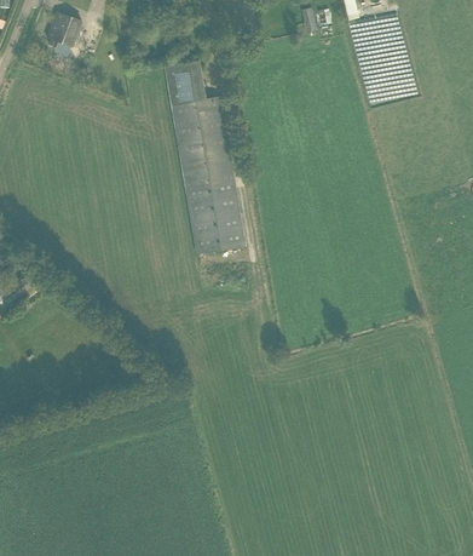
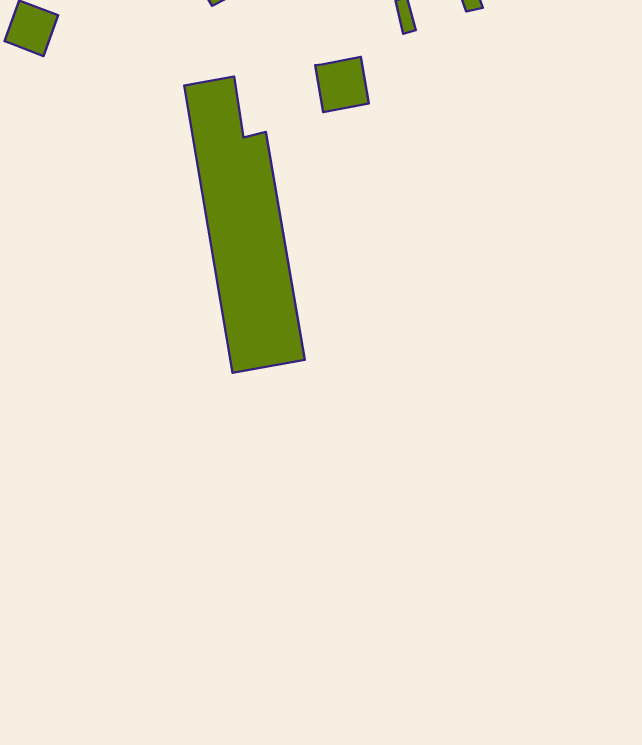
building: none -> [315,57,369,112]

